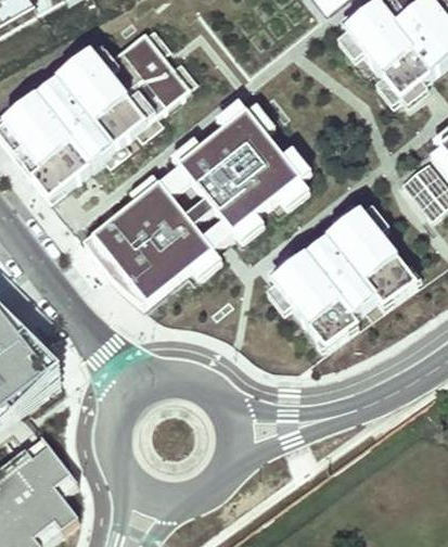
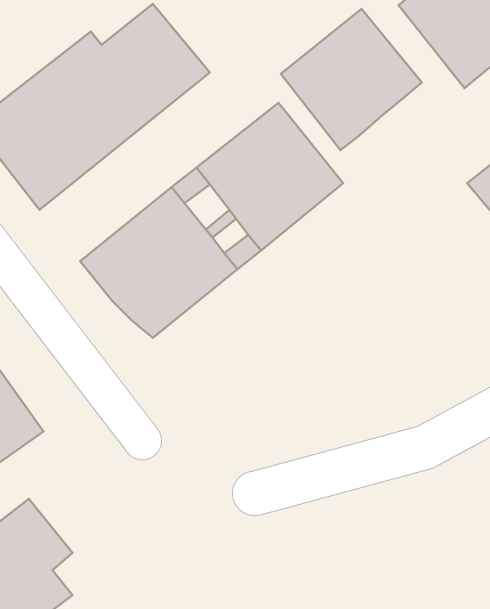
building: none -> [281,9,422,150]
building: [273,208,410,338] -> none

